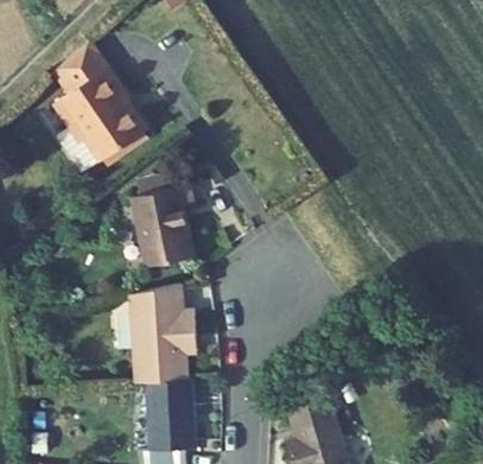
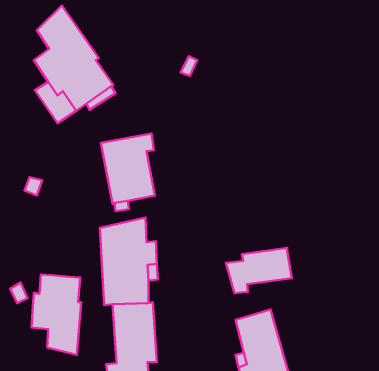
building: none -> [226,248,292,293]
building: none -> [32,274,81,355]

